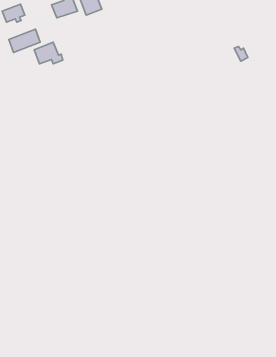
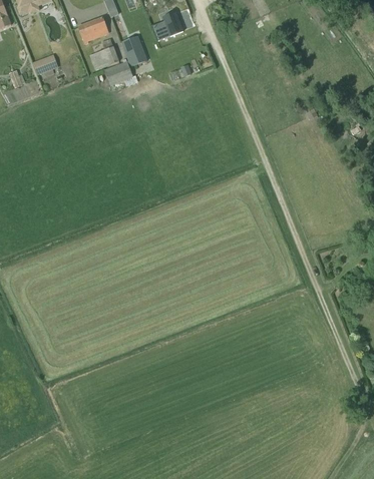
building: [9,29,40,52] -> none
building: [34,42,63,64] -> [104,61,137,86]

